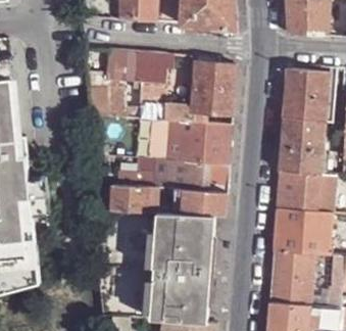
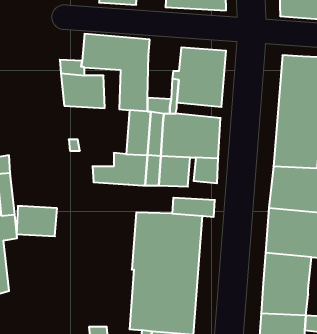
building: [111,184,148,211] -> [17,206,57,236]

